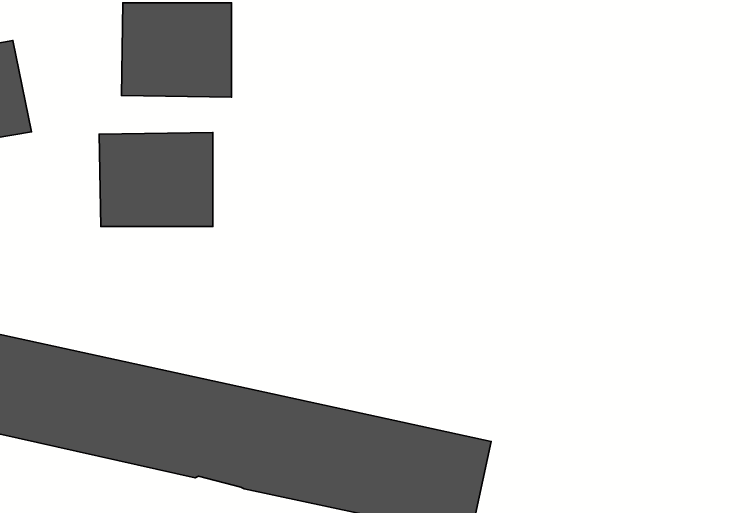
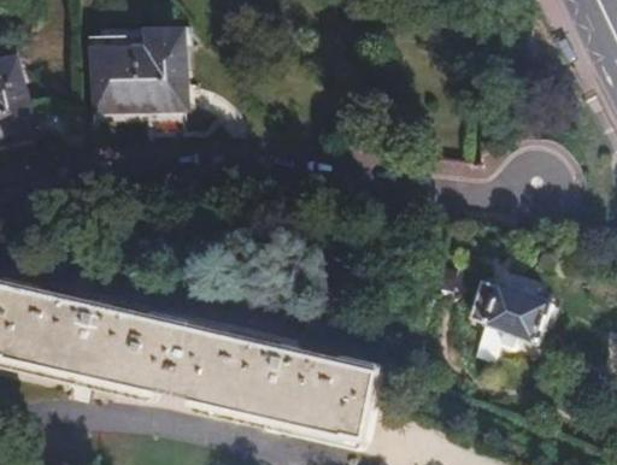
building: [99,132,213,227] -> none
building: none -> [474,282,548,347]

